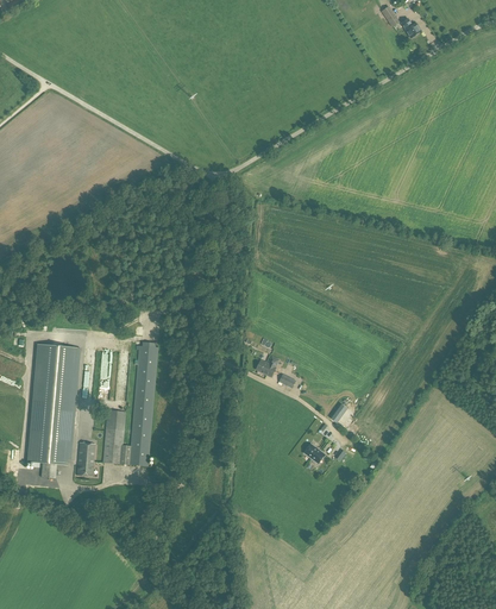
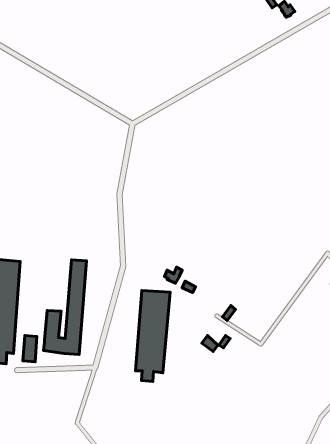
building: none -> [135,291,170,381]

